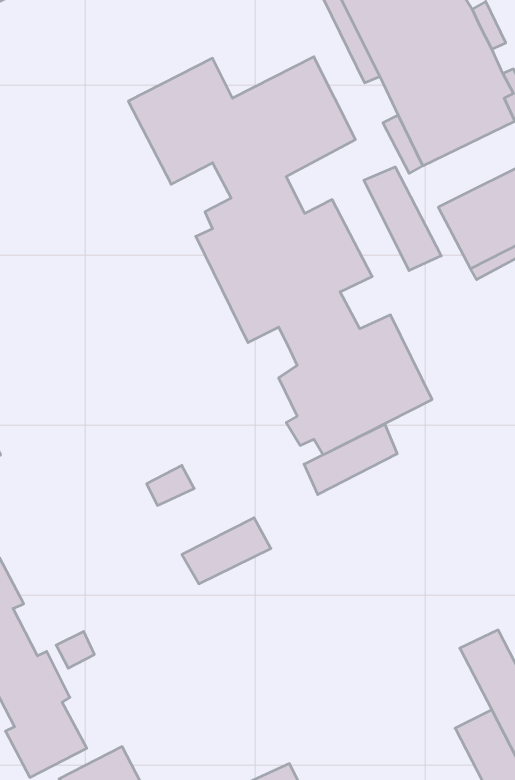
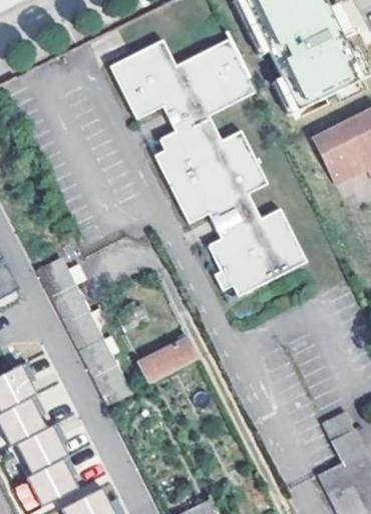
building: [364,167,441,271] -> none
building: none -> [36,260,129,407]
building: [304,424,397,495] -> none

